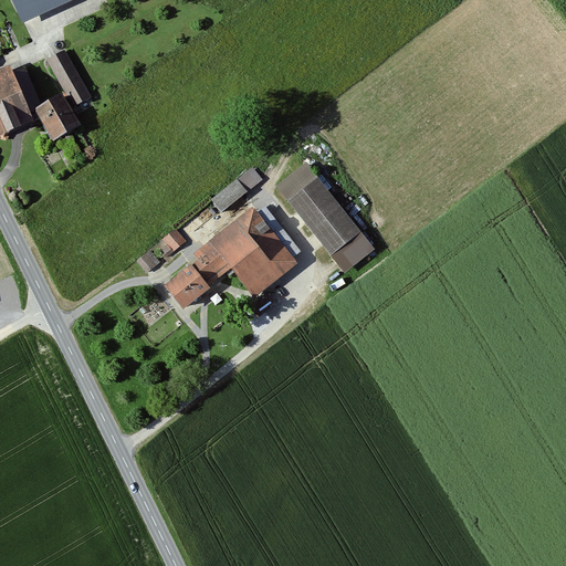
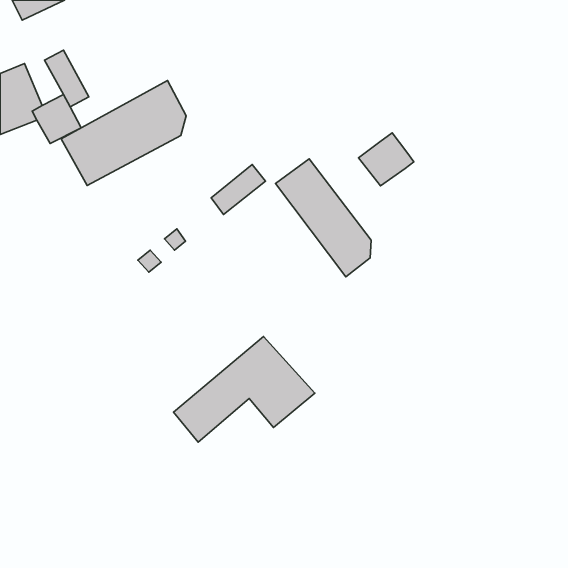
building: none -> [61,81,186,185]
building: none -> [358,133,414,186]
building: [159,206,300,311] -> [174,336,315,442]

